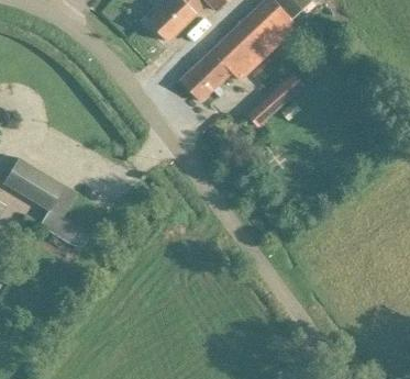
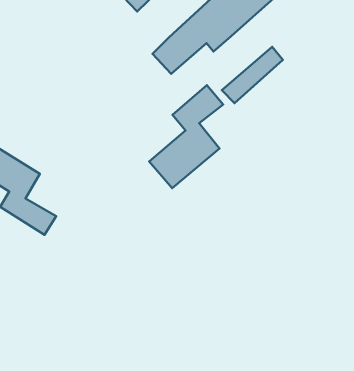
building: none -> [149,85,223,188]

